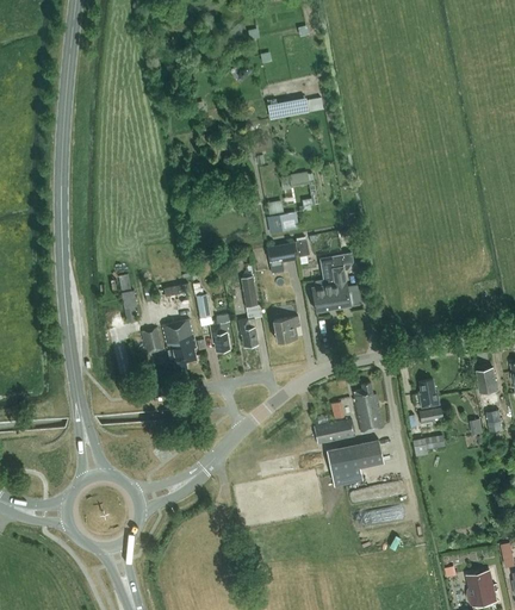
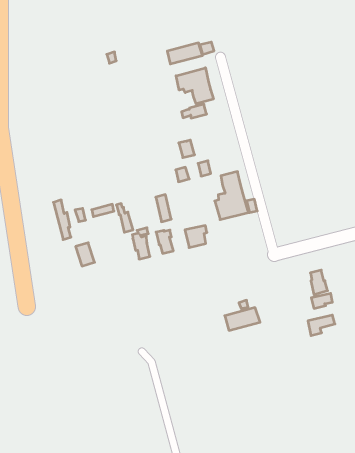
building: none -> [176,68,213,104]
building: [160,319,194,371] -> none
building: [353,384,381,432] -> none
building: [331,438,389,486] -> none

